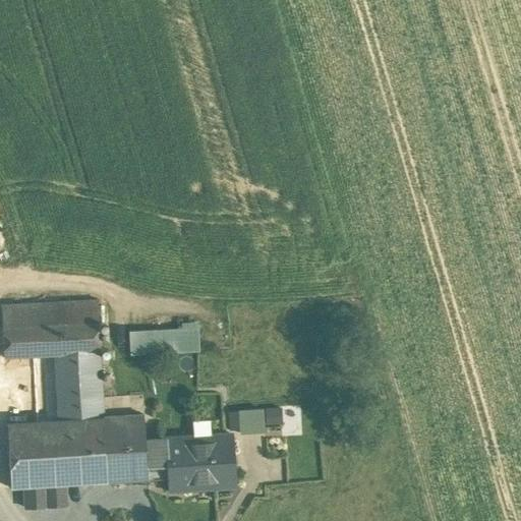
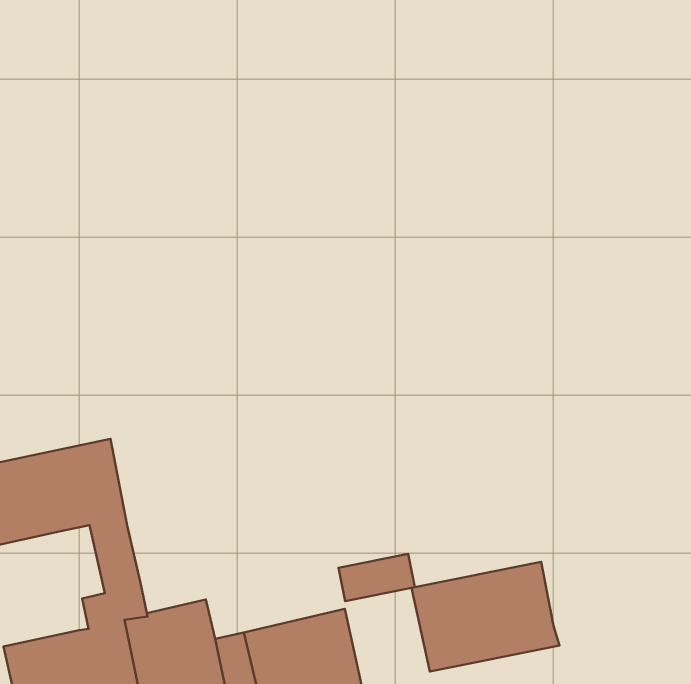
building: [129,322,197,354] -> none
building: [54,355,77,422] -> none
building: none -> [412,562,559,672]

